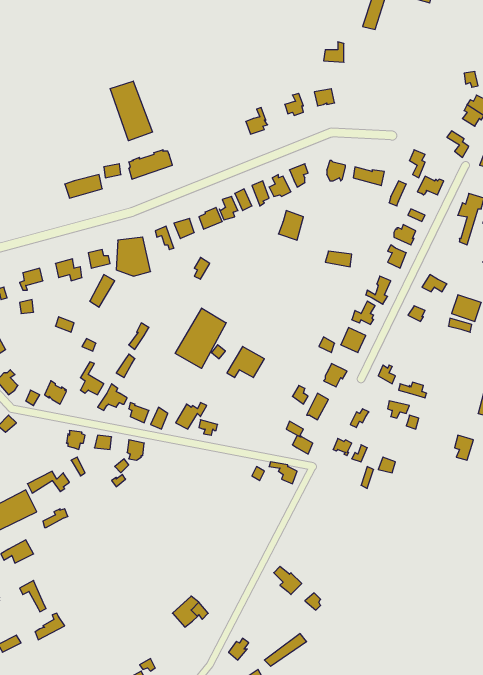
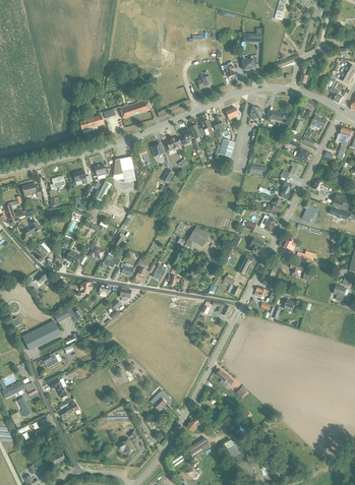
building: [110,81,152,141] -> none
building: [175,308,226,368] -> none

